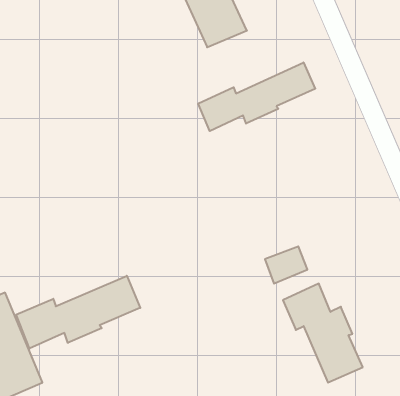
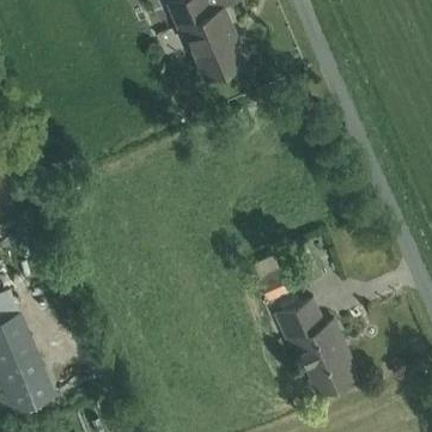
building: [198,62,315,131] -> none
building: [16,276,140,349] -> none

